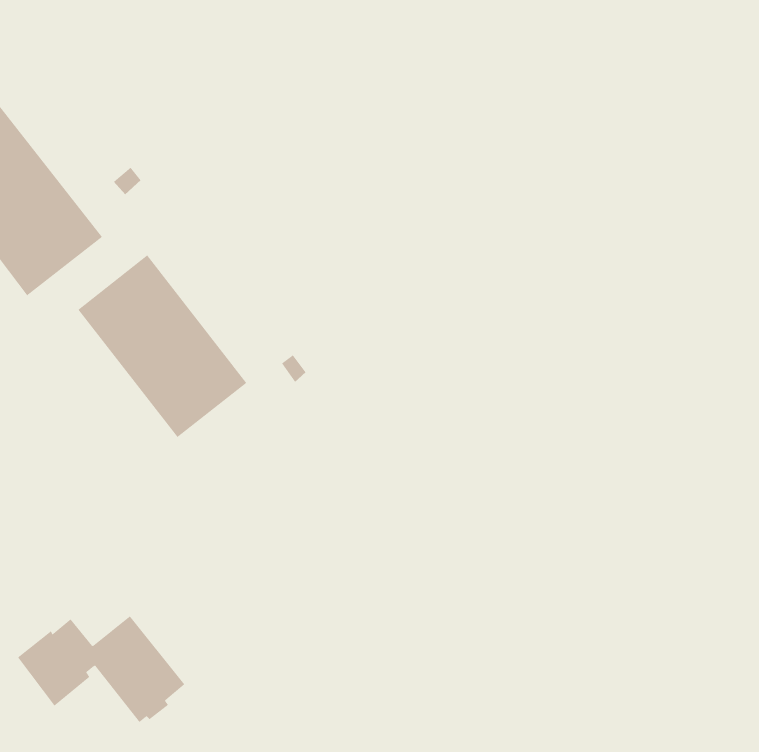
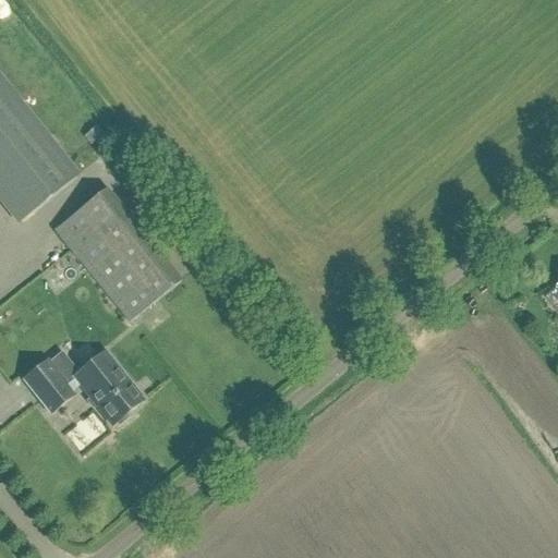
building: [17,616,185,723] -> [22,345,145,424]

